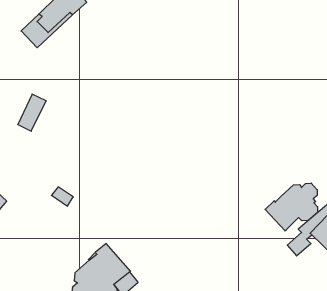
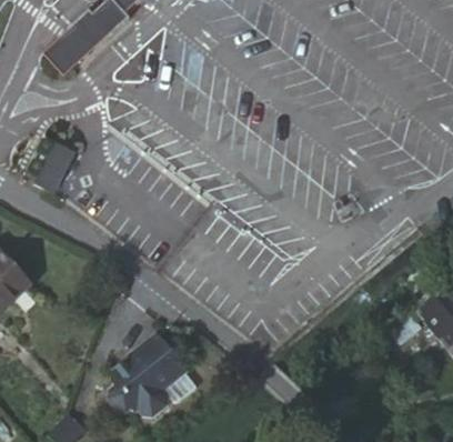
building: [265,183,318,231] -> none

